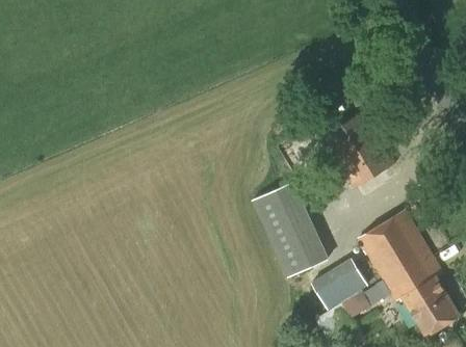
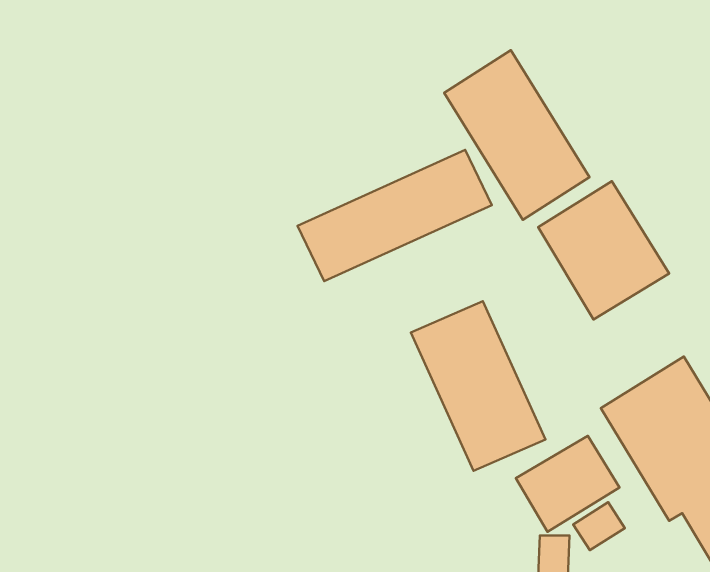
building: none -> [444,50,589,220]
building: none -> [297,150,492,281]

